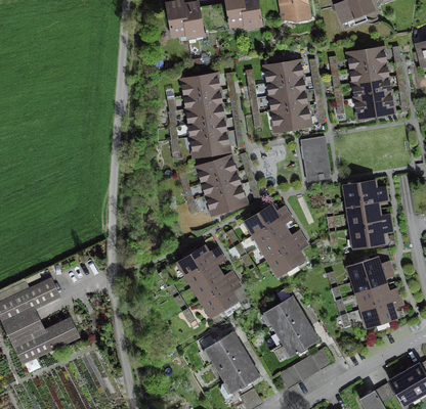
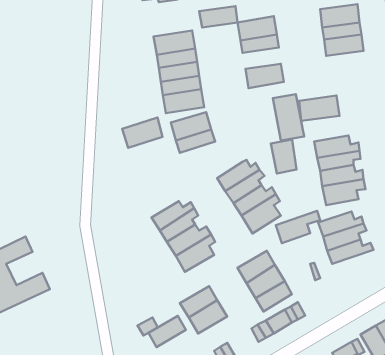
building: [269,90,308,111] -> [199,6,237,27]
building: [354,93,395,119] -> [299,96,339,121]
building: none -> [271,140,296,173]
building: [206,185,247,216] -> [122,118,162,148]
building: [360,294,406,327] -> [276,211,320,243]
building: [224,362,262,394] -> [148,316,186,347]

